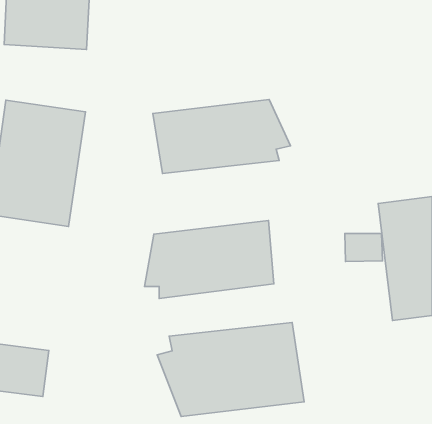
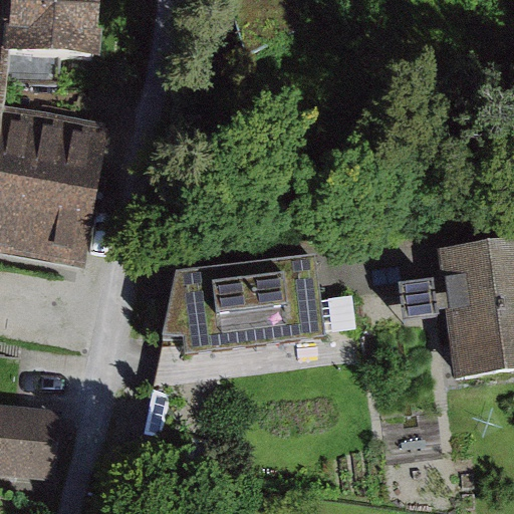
building: [153,99,291,174] -> none
building: [157,323,304,417] -> none

